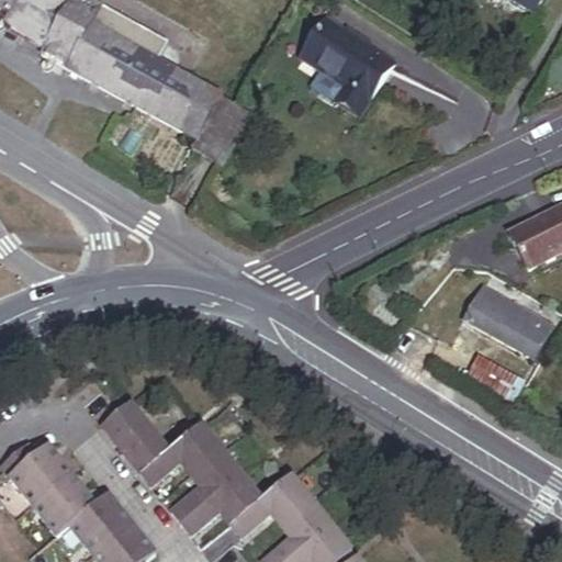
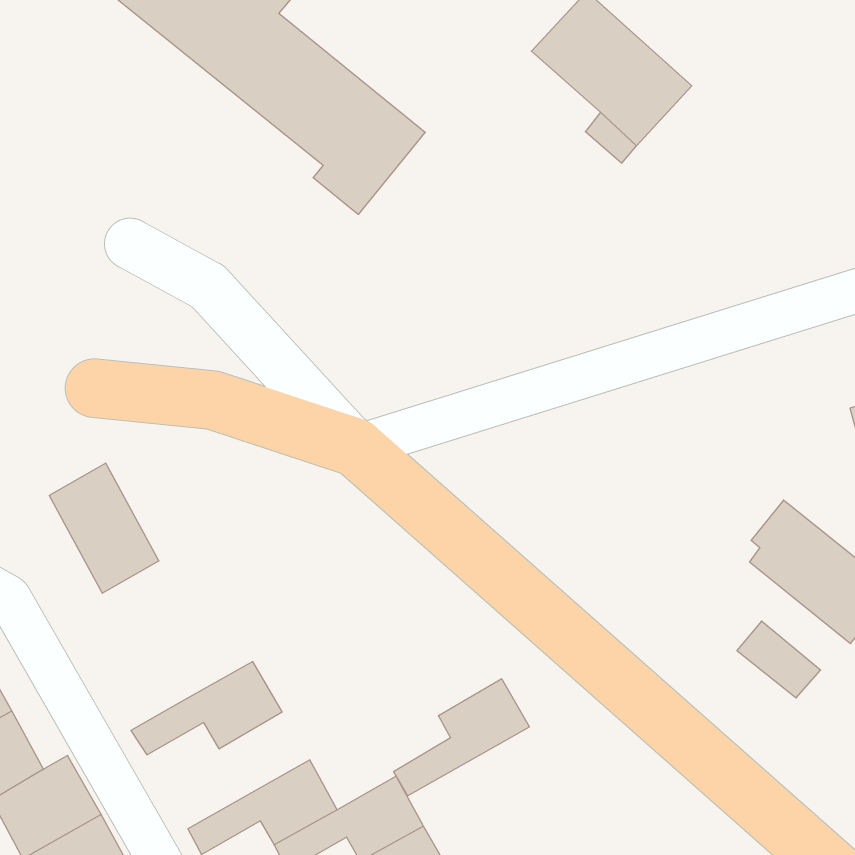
building: [102,400,169,472] -> [49,463,159,593]
building: [171,448,243,521] -> [394,679,529,796]

